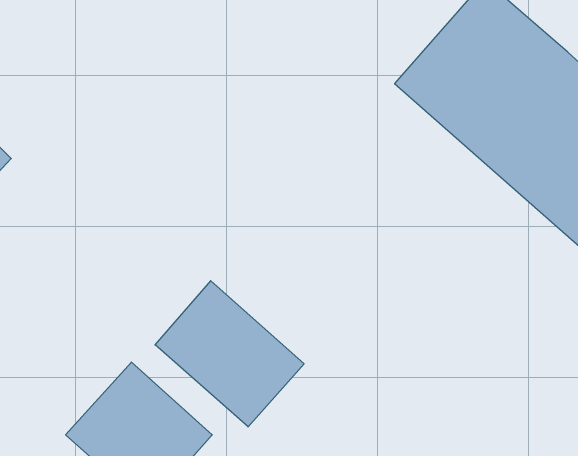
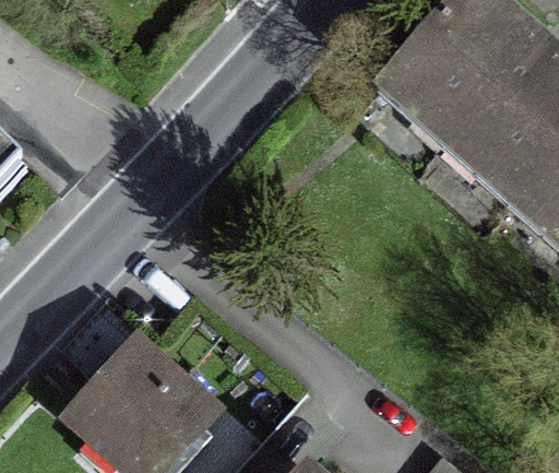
building: [155,281,304,427] -> none

